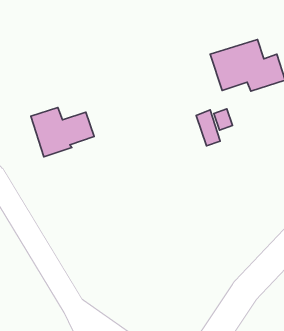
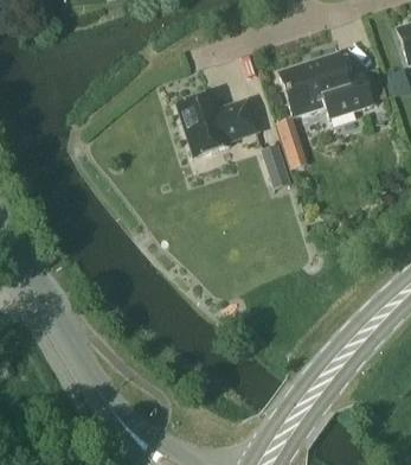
building: [31,108,94,157] -> [178,94,258,157]

